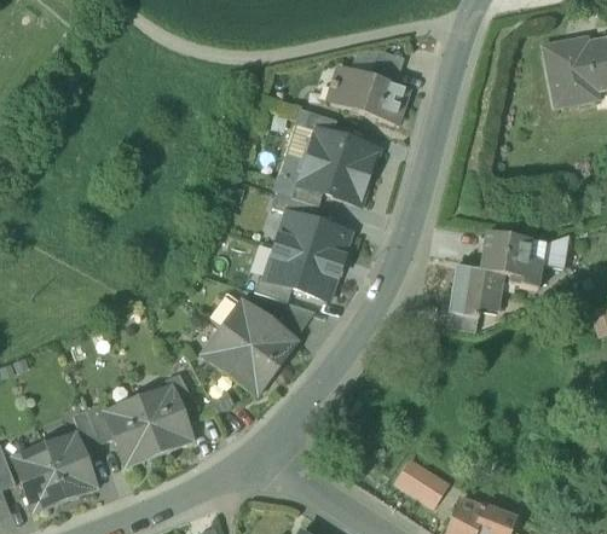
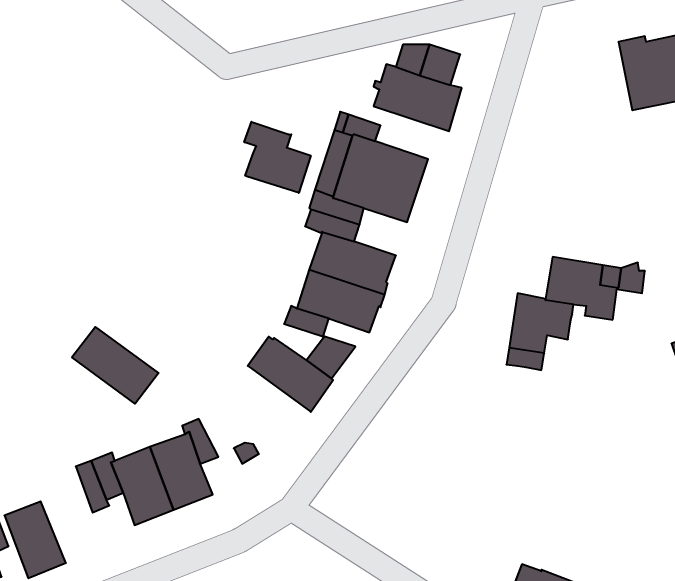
building: none -> [244,122,311,193]
building: [202,327,277,394] -> [72,327,159,404]
building: [44,433,97,498] -> none
building: [398,463,445,505] -> none

